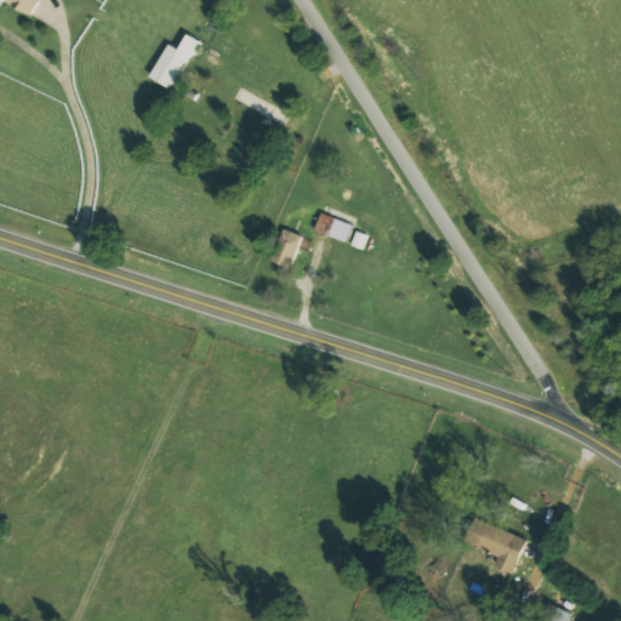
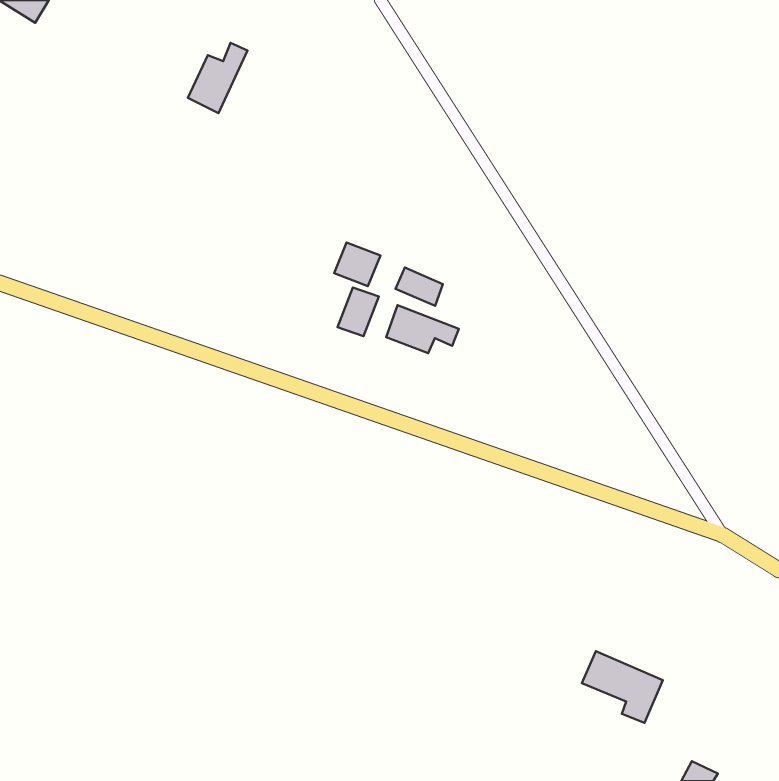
building: none -> [334,243,380,286]
building: none -> [386,305,459,353]

